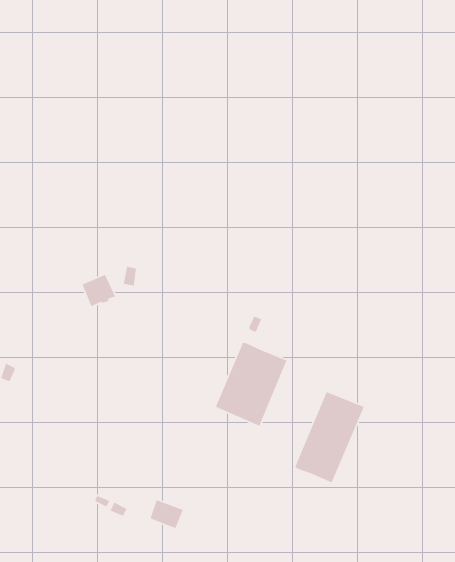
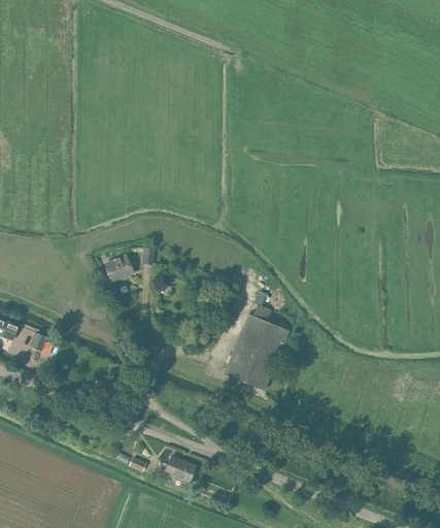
building: [294,391,365,483] -> none

